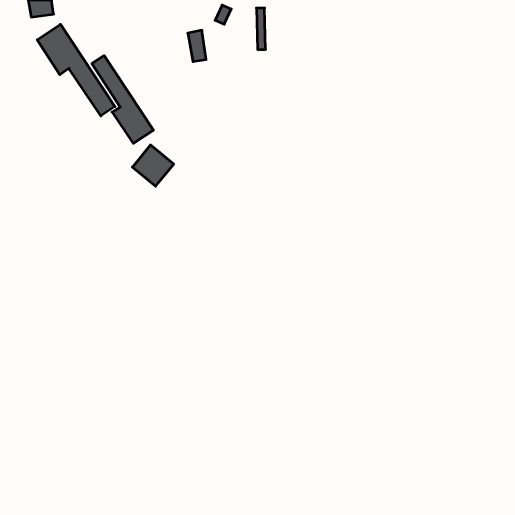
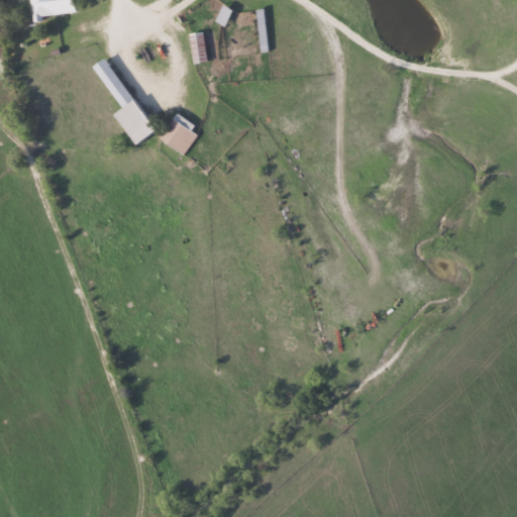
building: [37,24,115,116] -> none
building: [132,145,174,186] -> [159,114,200,156]

